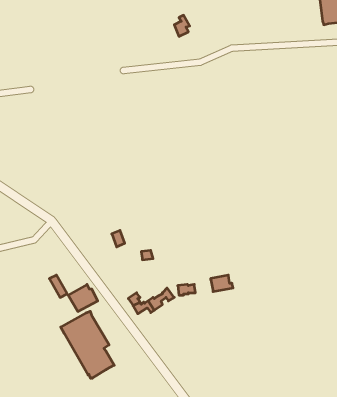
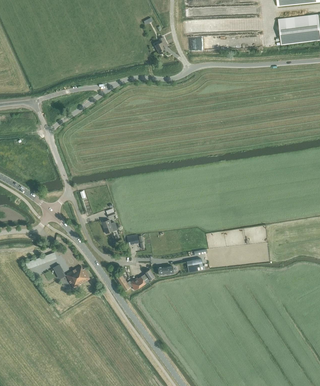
building: [61,311,114,378] -> none

